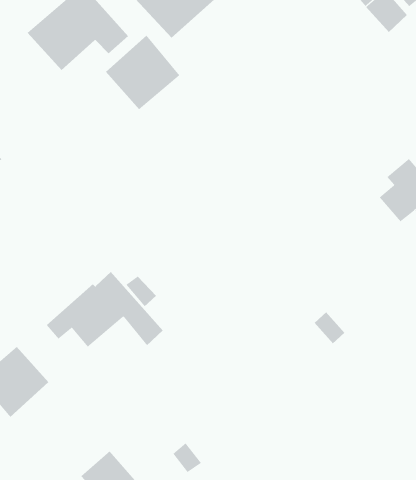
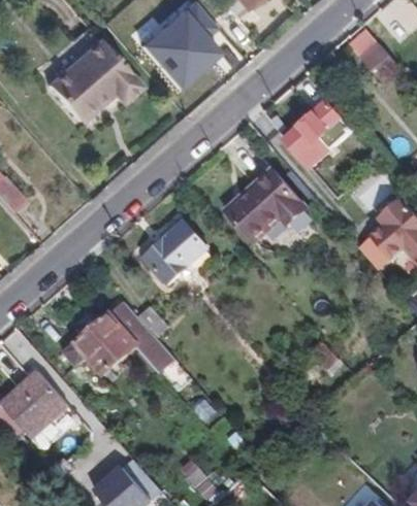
building: [105,35,180,110] -> none
building: none -> [283,102,350,167]
building: none -> [227,170,306,241]
building: none -> [142,221,206,283]

